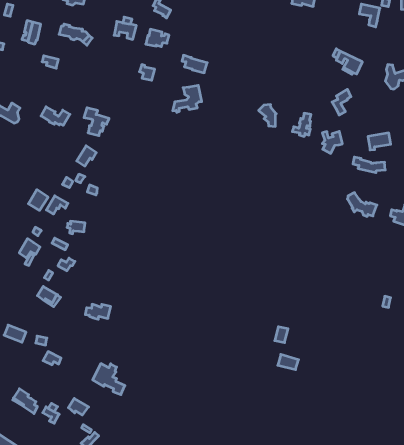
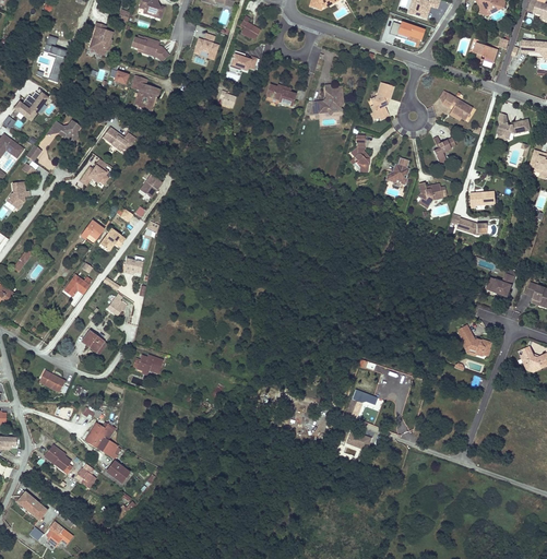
building: none -> [367,82,393,121]
building: [173,85,202,112] -> [310,84,344,112]
building: [84,108,109,136] -> [132,75,160,108]
building: none -> [79,157,112,186]
building: [347,193,377,216] -> [455,324,488,353]
building: [93,364,125,395] -> [85,421,121,459]

